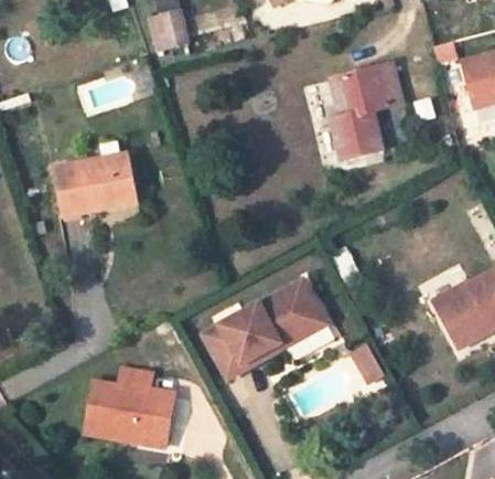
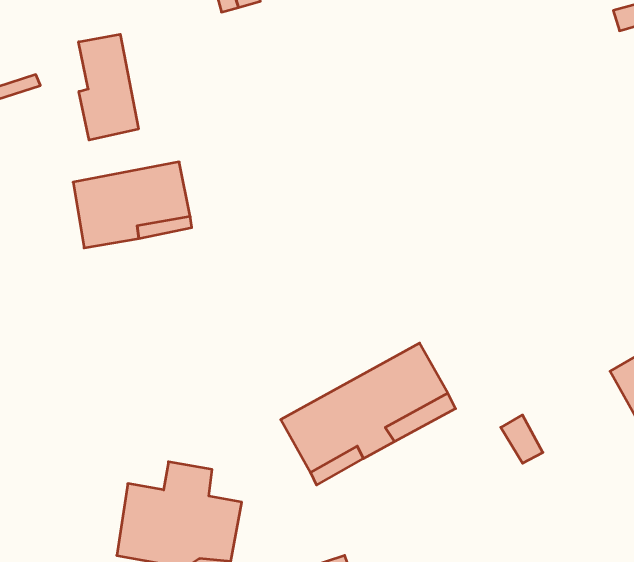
building: [331,63,402,156] -> none
building: none -> [79,34,138,140]

